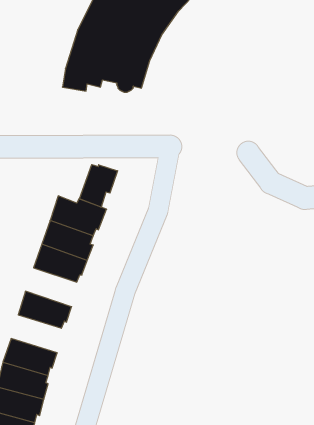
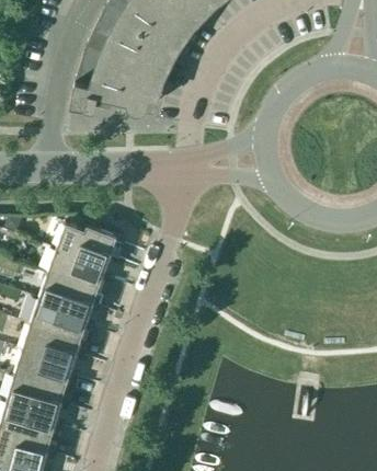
building: [79,165,118,207] -> none
building: none -> [32,297,87,338]
building: none -> [16,347,71,388]

